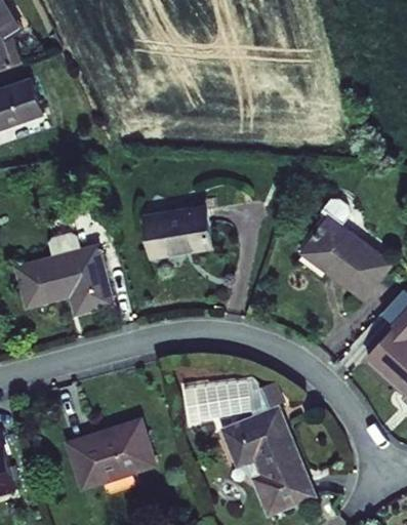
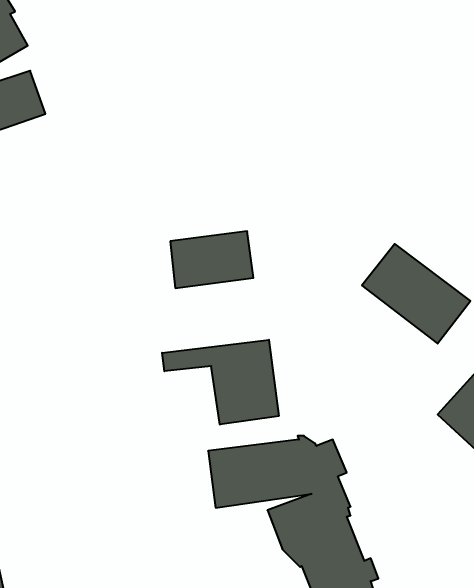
building: [18,233,113,313] -> none
building: none -> [162,340,279,425]
building: [72,420,154,481] -> none

